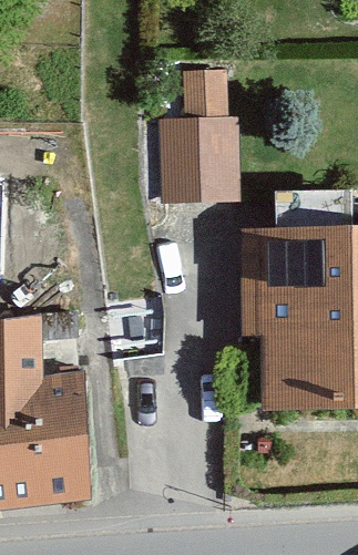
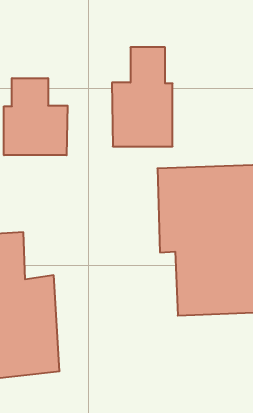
building: none -> [4,78,68,155]

